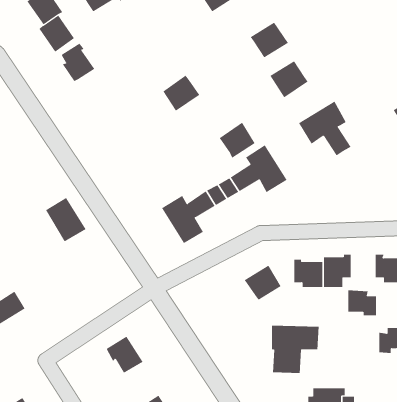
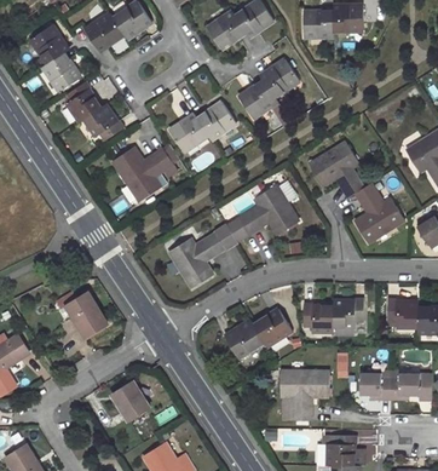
building: [270,60,309,98] -> [237,80,277,119]
building: none -> [83,104,123,140]
building: none -> [111,147,173,201]
building: [219,122,256,158] -> [197,102,235,139]
building: none -> [353,183,404,242]
building: [45,197,87,242] -> [65,292,108,338]
building: none -> [225,320,264,357]
building: [347,290,377,316] -> [361,372,391,398]

